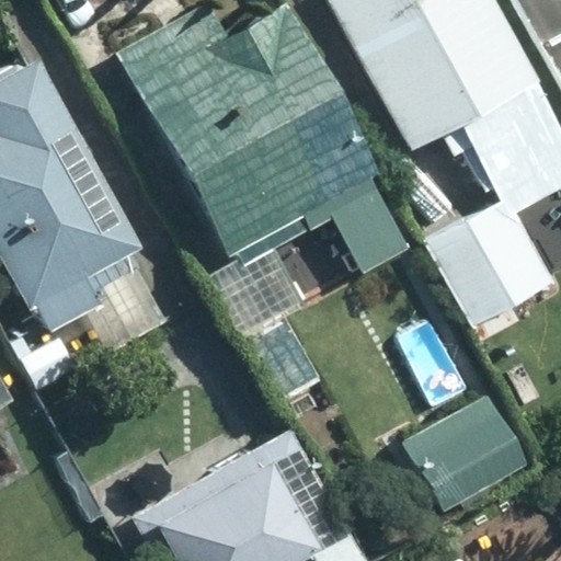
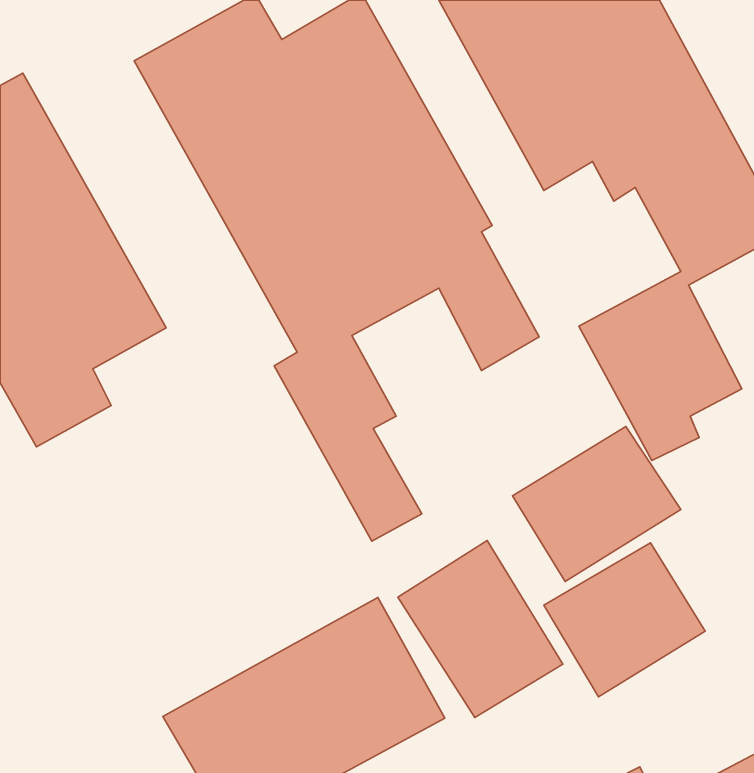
building: none -> [512,426,681,582]
building: none -> [398,541,563,717]

